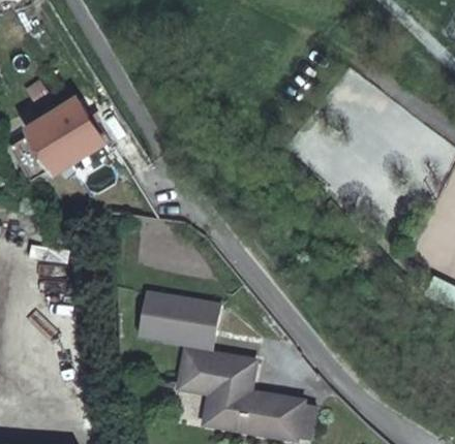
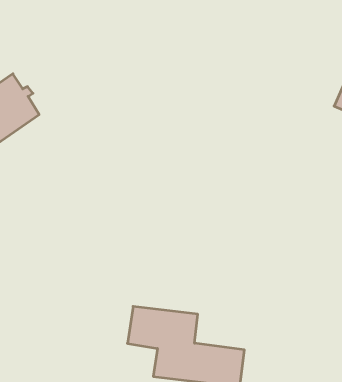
building: [144,290,220,345] -> none

